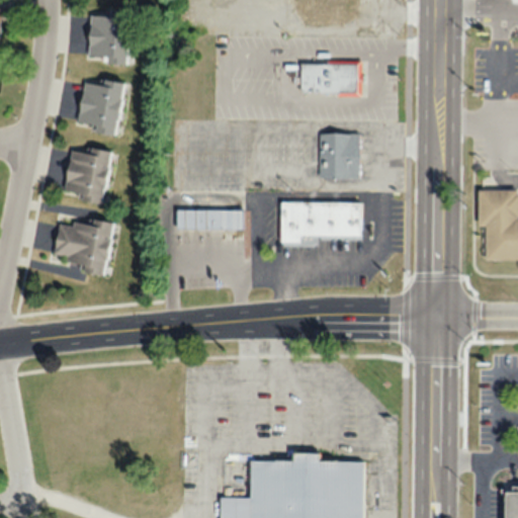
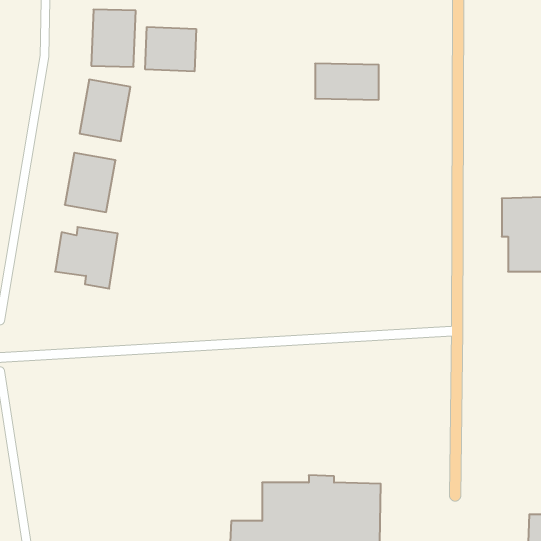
building: none -> [145,27,196,71]
building: [320,135,360,178] -> none
building: [281,201,361,243] -> none
building: [178,210,243,229] -> none

